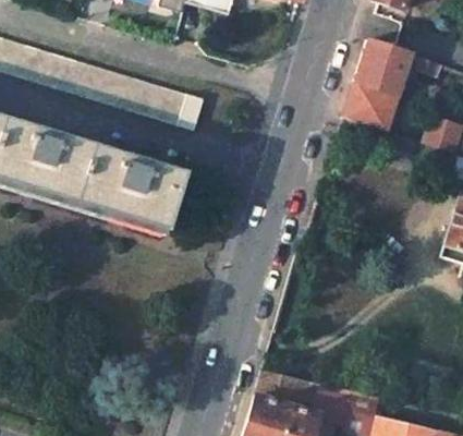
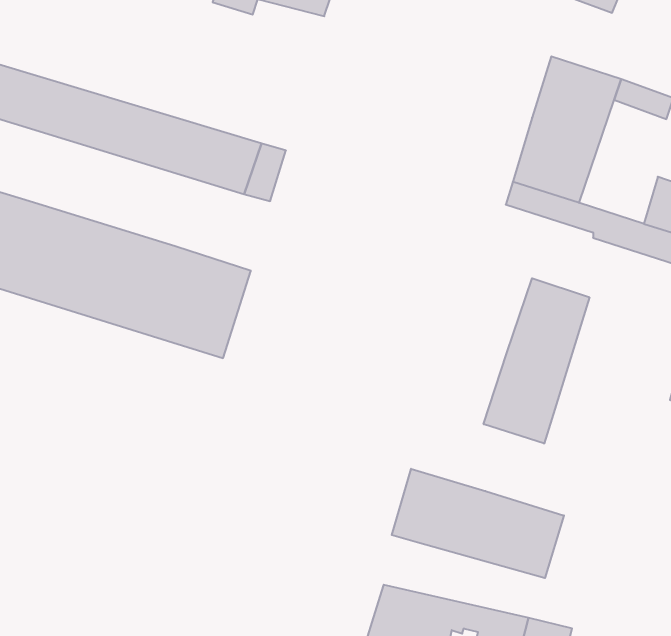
building: none -> [484,278,589,444]
building: none -> [392,469,564,578]

